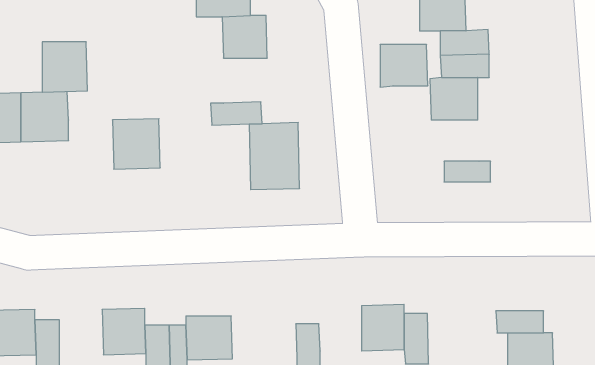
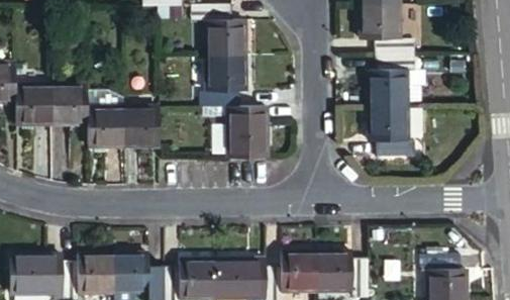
building: [42,42,87,92] -> [88,106,123,145]
building: [380,45,428,87] -> [372,106,409,139]
building: none -> [209,58,243,93]
building: none -> [284,252,317,287]
building: none -> [80,255,115,291]
building: none -> [215,258,267,293]

